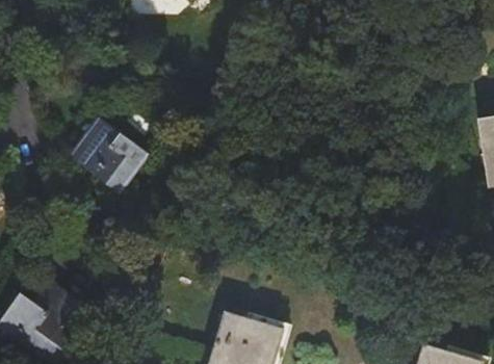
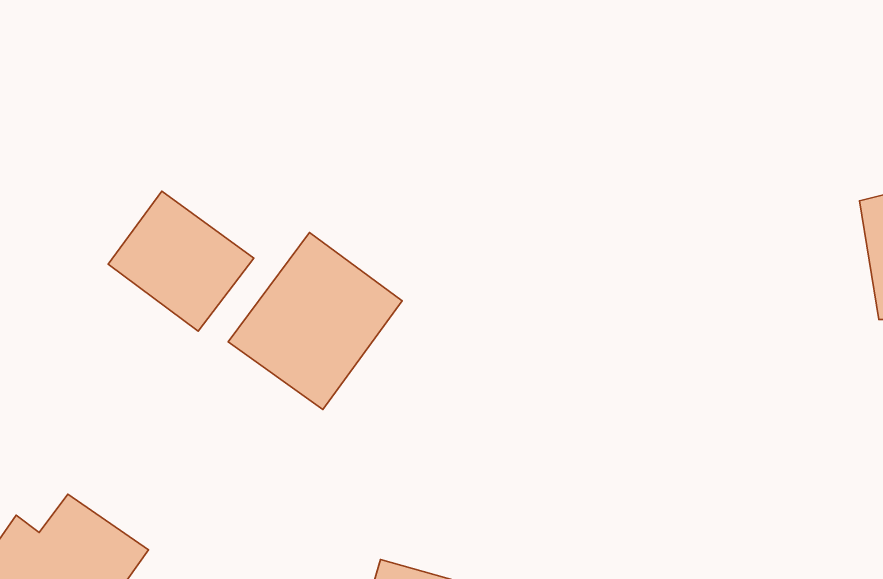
building: none -> [228,233,402,410]

